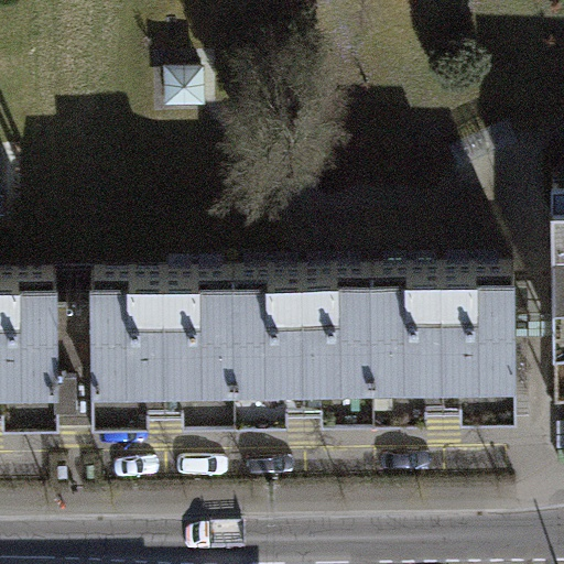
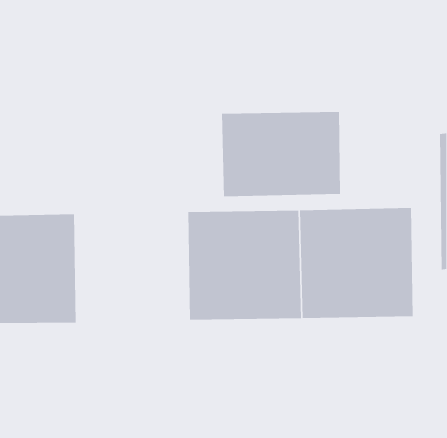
building: none -> [222,111,341,197]
building: [94,280,237,419] -> none

